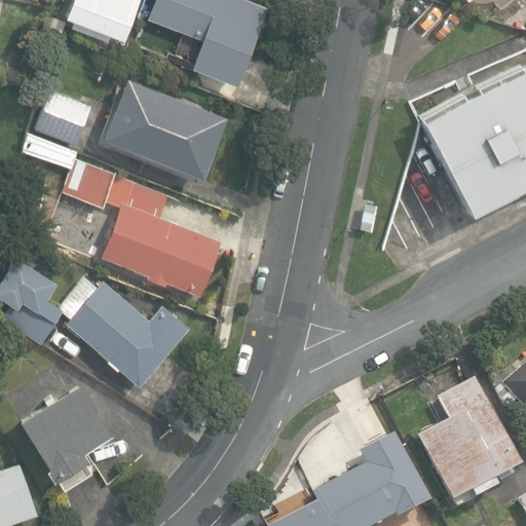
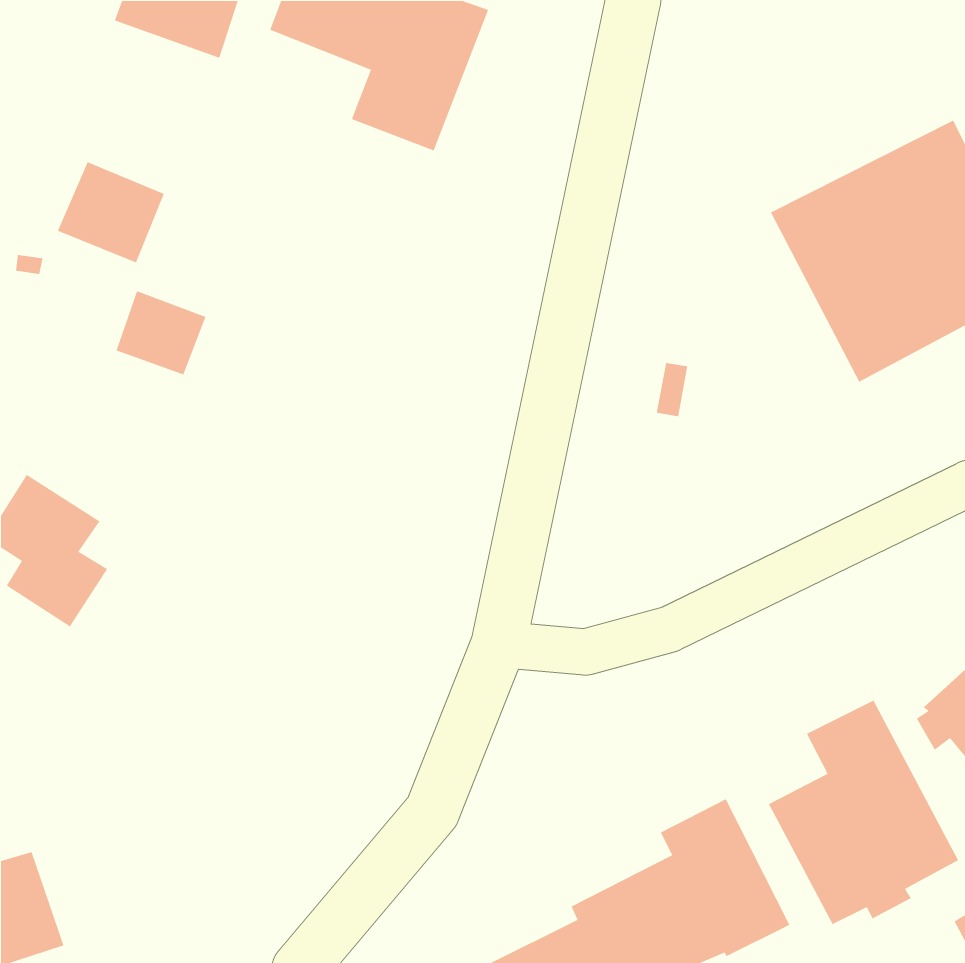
building: [104,78,226,178] -> none
building: [102,184,221,295] -> none
building: [68,281,190,385] -> none
building: [17,382,111,488] -> none

